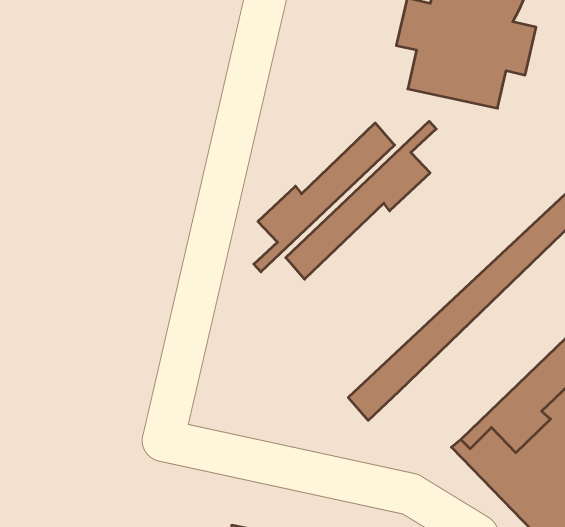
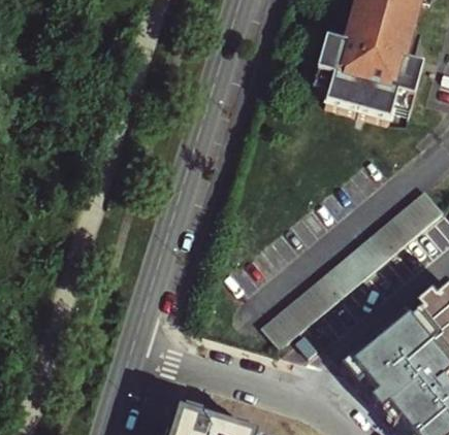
building: [286,121,436,279] -> none
building: [254,123,395,272] -> none

